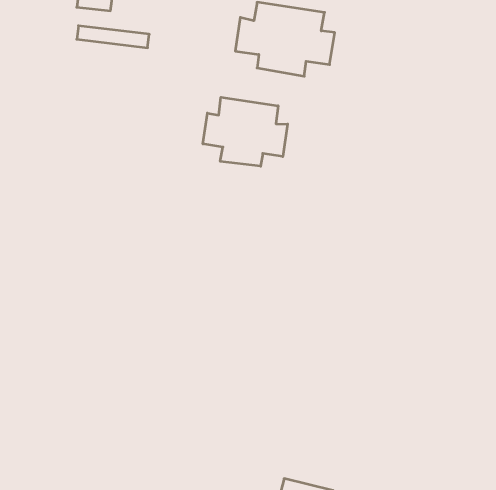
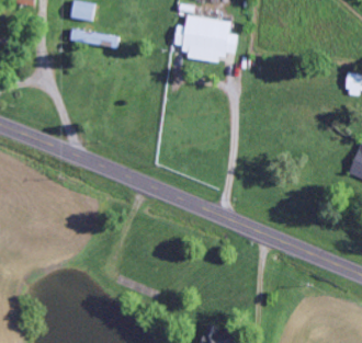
building: [203,97,288,166] -> none

